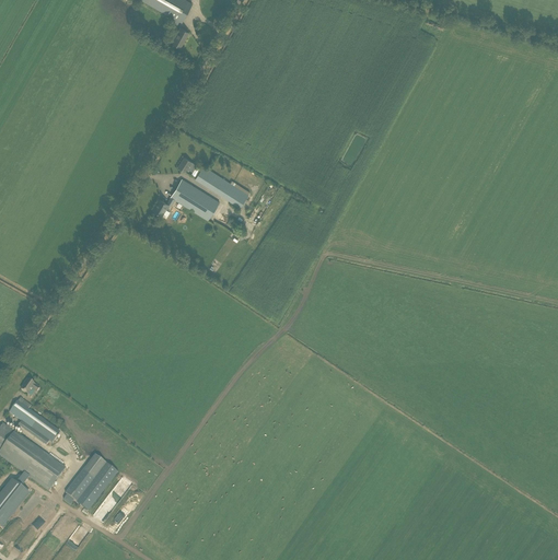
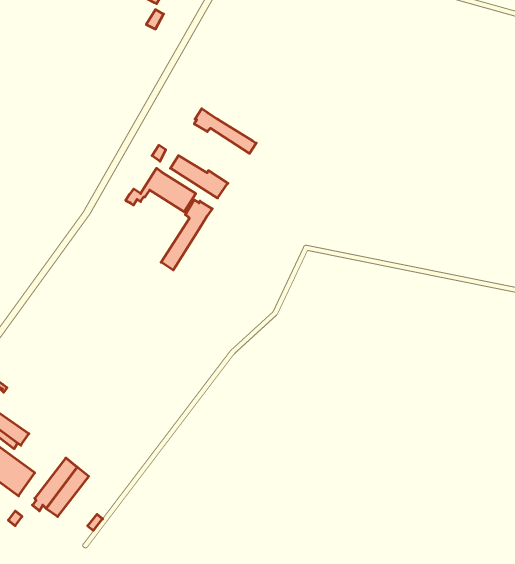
building: none -> [194,109,256,153]
building: none -> [161,200,212,270]

